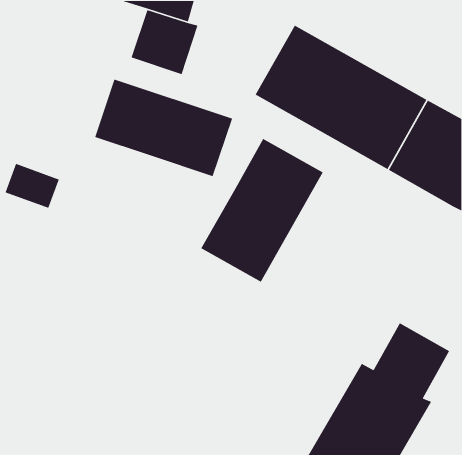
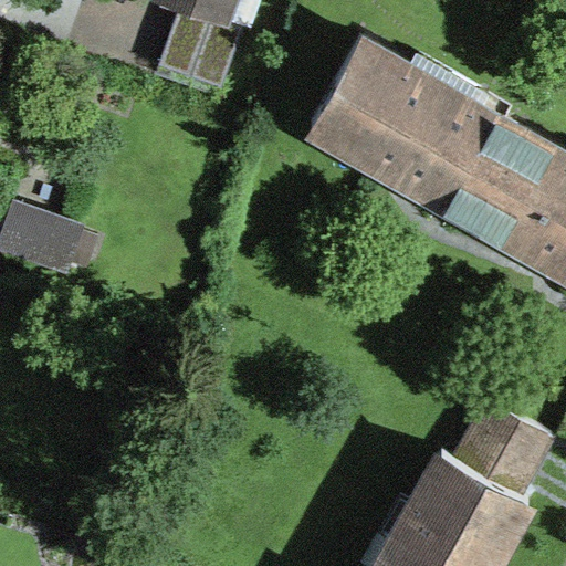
building: [94,78,233,177] -> none
building: [200,138,324,283] -> none

